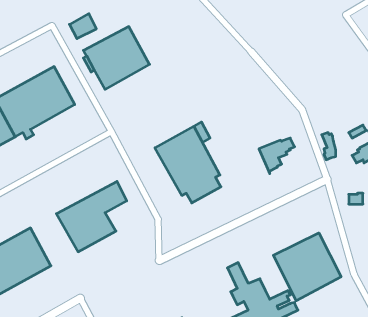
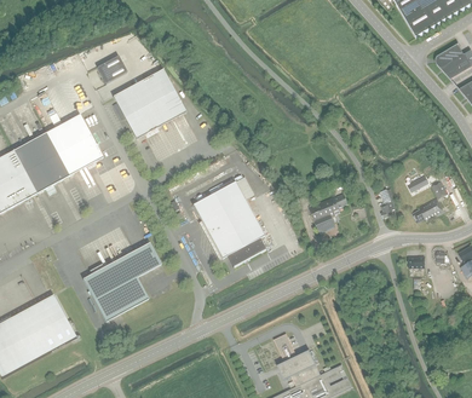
building: [273,233,341,301] -> none

